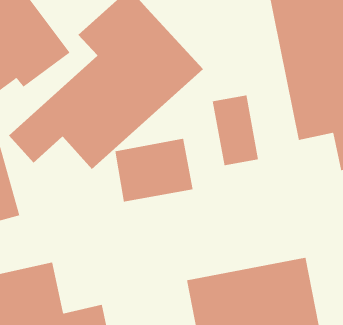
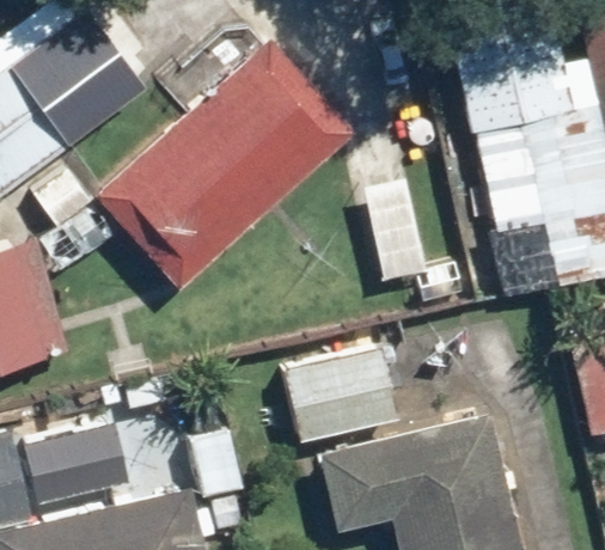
building: [114,138,194,202] -> [283,349,402,445]

